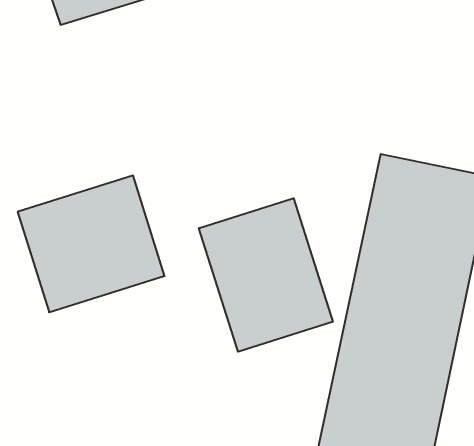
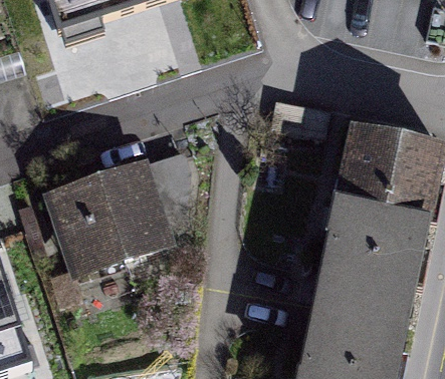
building: [199,198,333,352] -> none

